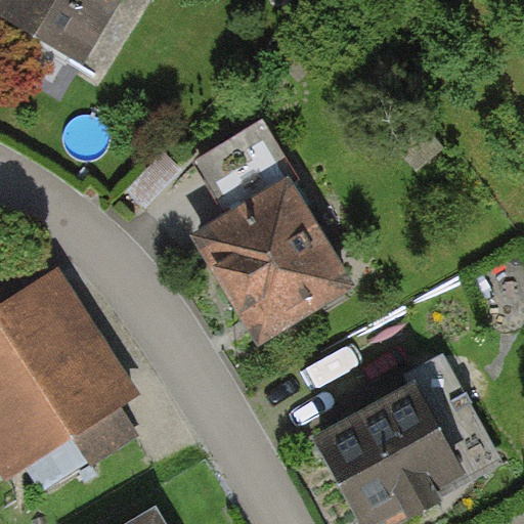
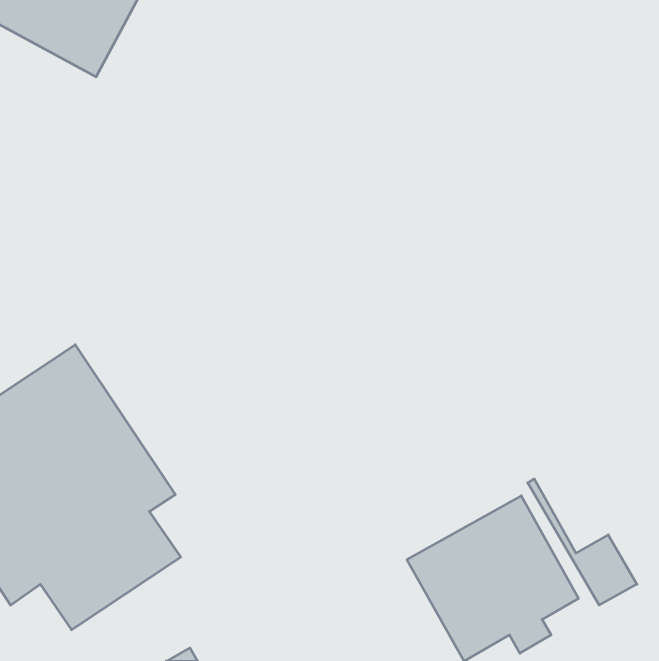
building: [198,122,340,333] -> none

